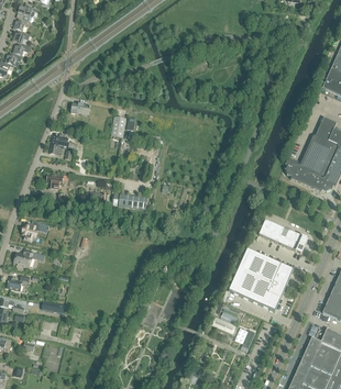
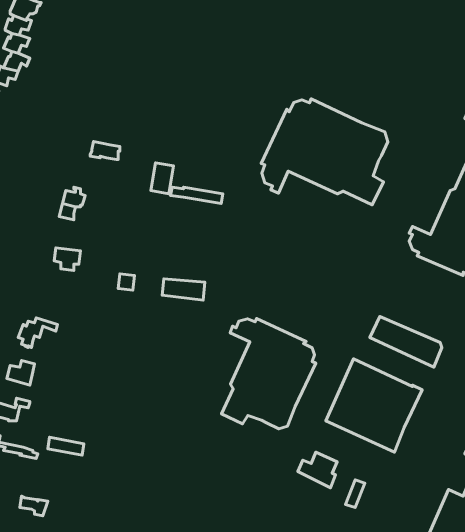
building: none -> [261,99,388,205]
building: none -> [222,318,316,429]

